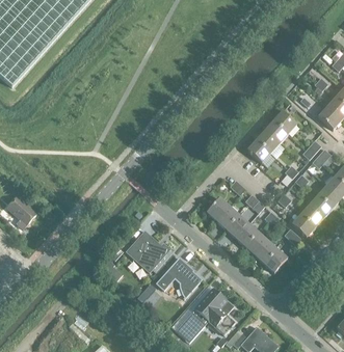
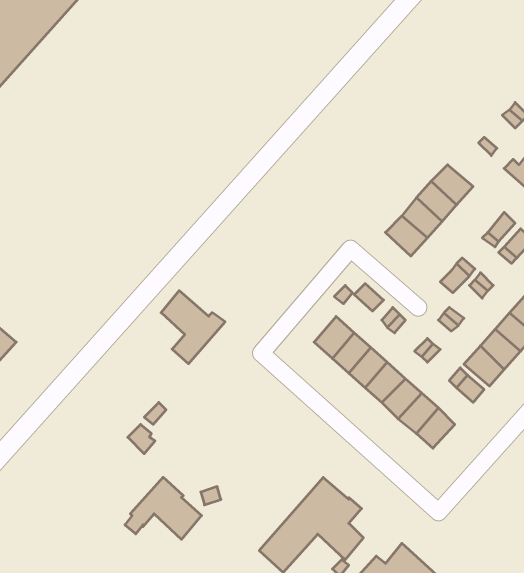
building: [134,231,170,272] -> [161,291,225,364]
building: [158,256,202,292] -> [125,477,202,539]

